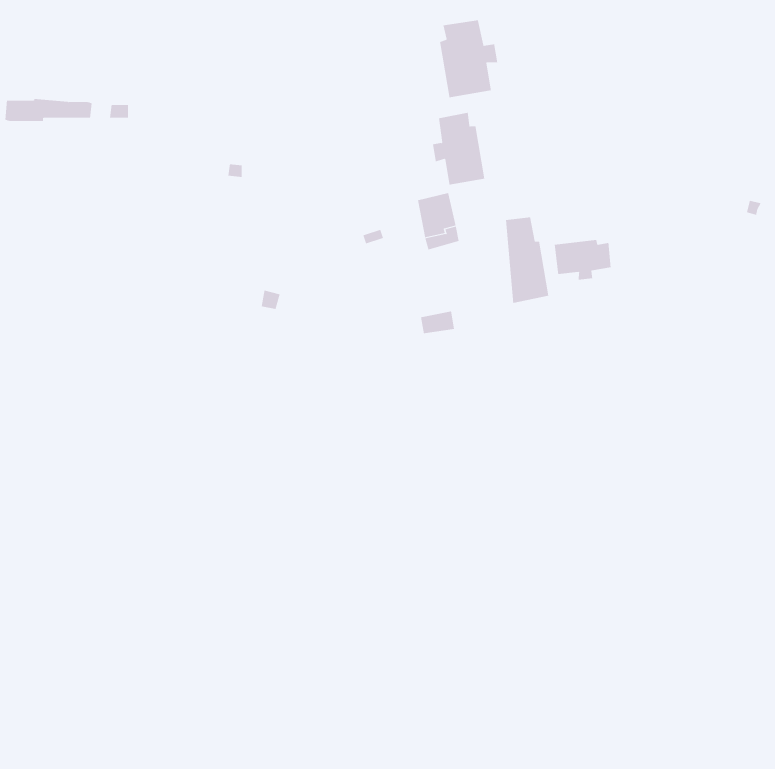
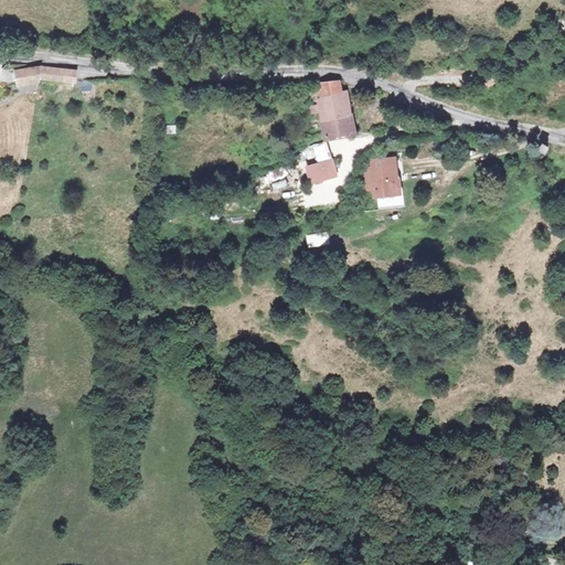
building: [439,20,498,98] -> none
building: [554,239,611,281] -> none

